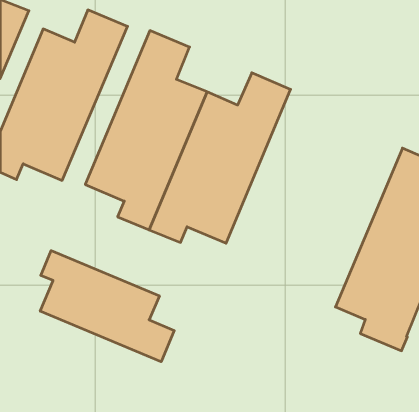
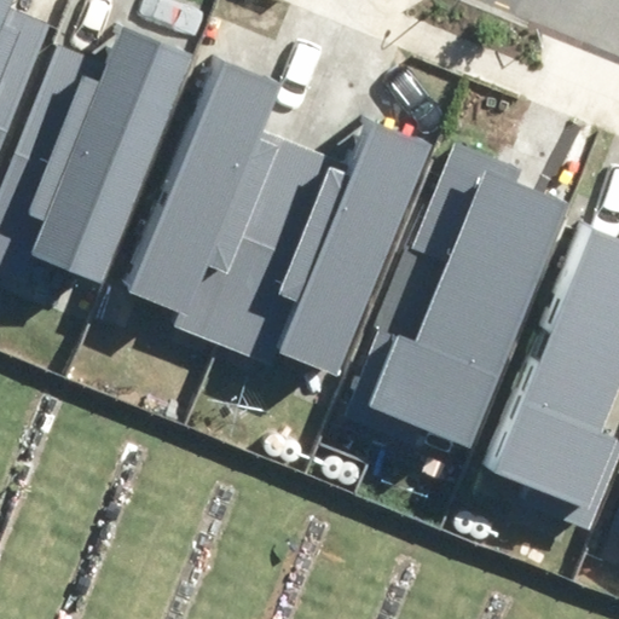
building: none -> [357,189,565,438]
building: [40,251,174,362] -> none

